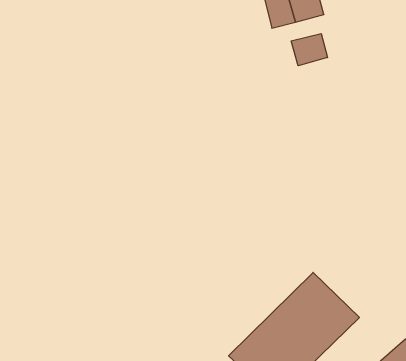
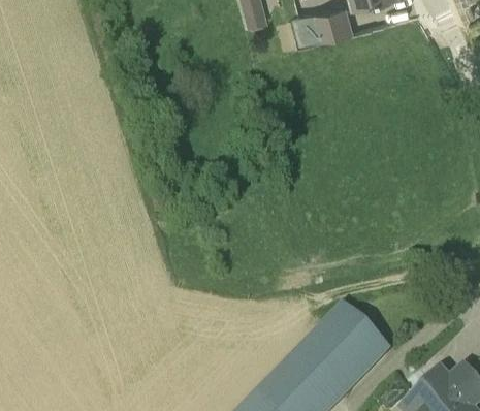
building: [291,34,327,66] -> none

